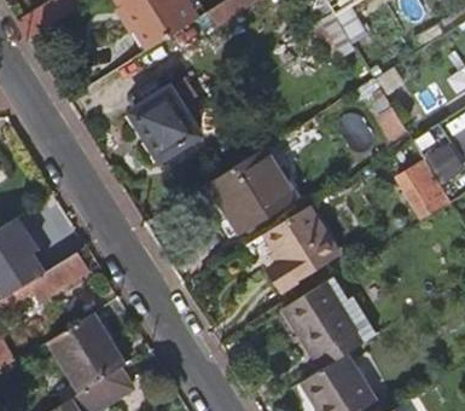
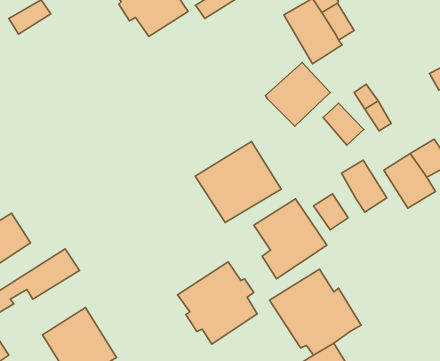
building: none -> [265,62,330,126]
building: [132,91,199,160] -> none
building: none -> [342,160,387,212]
building: none -> [178,262,257,344]

